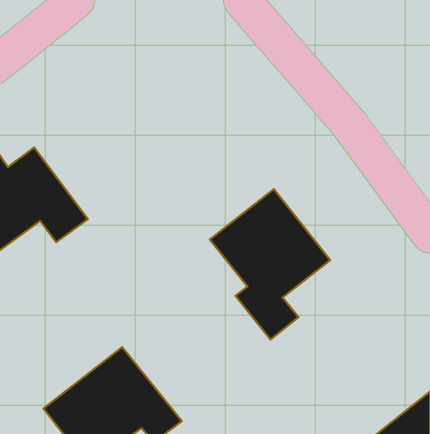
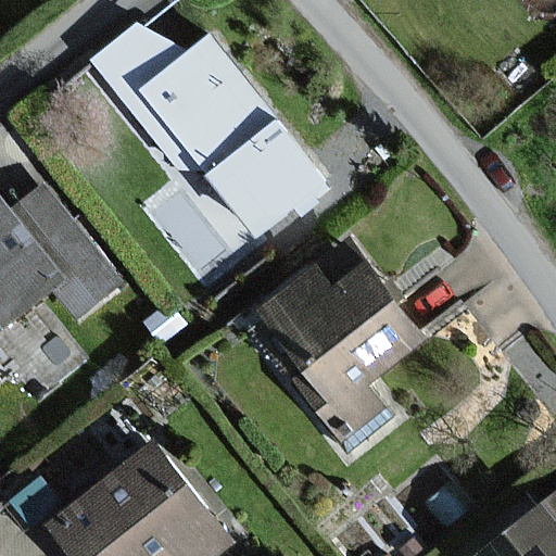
building: none -> [99,29,324,226]

